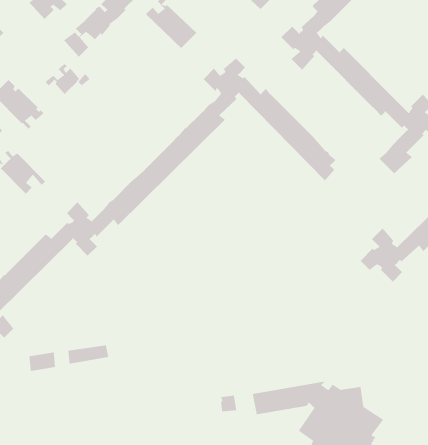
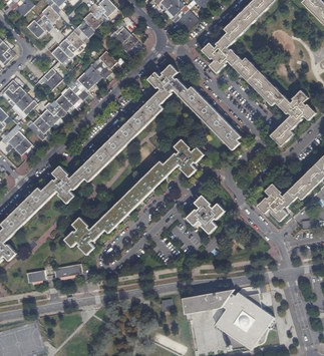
building: none -> [30,50,116,139]
building: none -> [64,138,204,255]
building: none -> [186,195,225,234]

